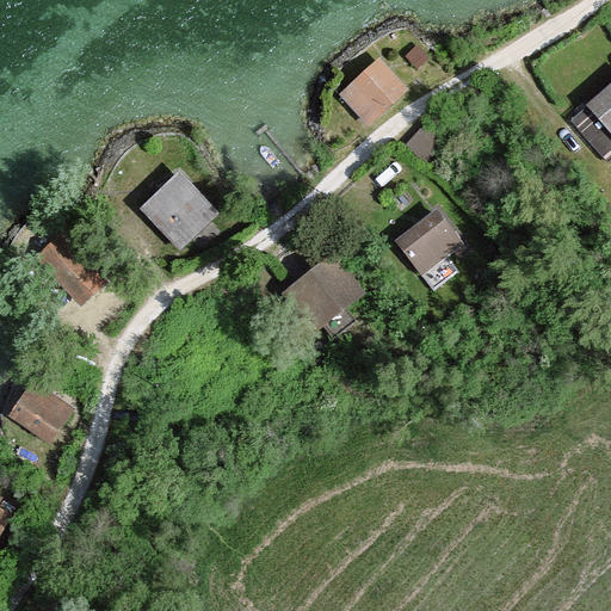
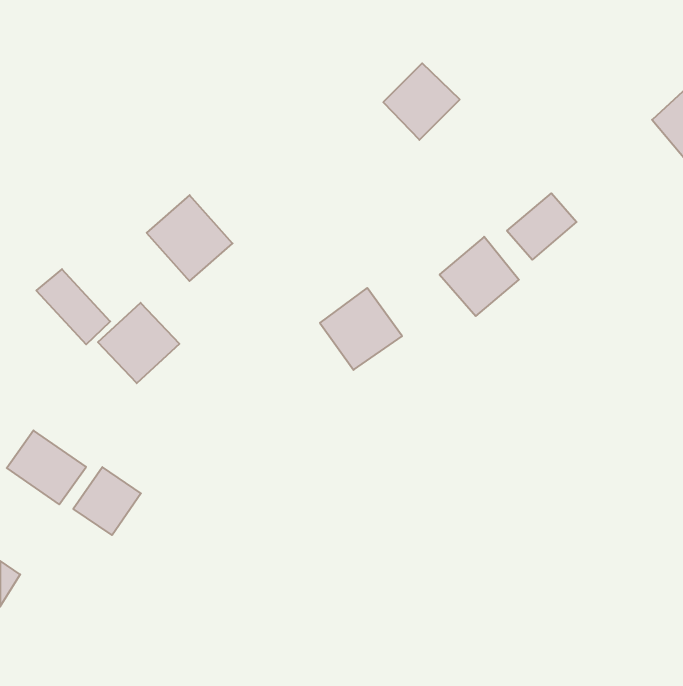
building: none -> [507,193,577,260]
building: none -> [98,303,179,383]
building: none -> [73,467,141,535]

